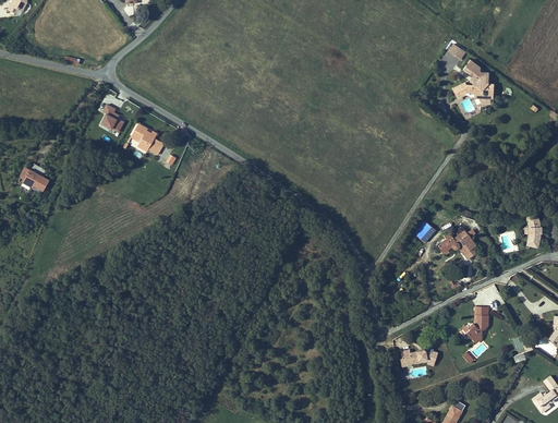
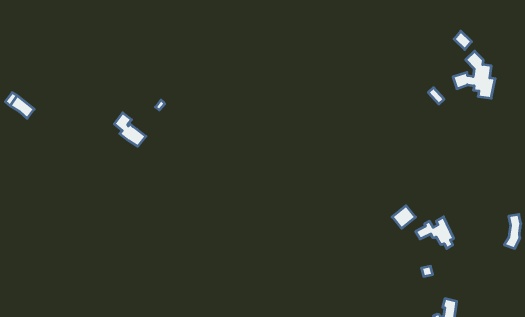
building: [98,101,124,131] -> none
building: [132,122,165,153] -> [114,113,146,146]

